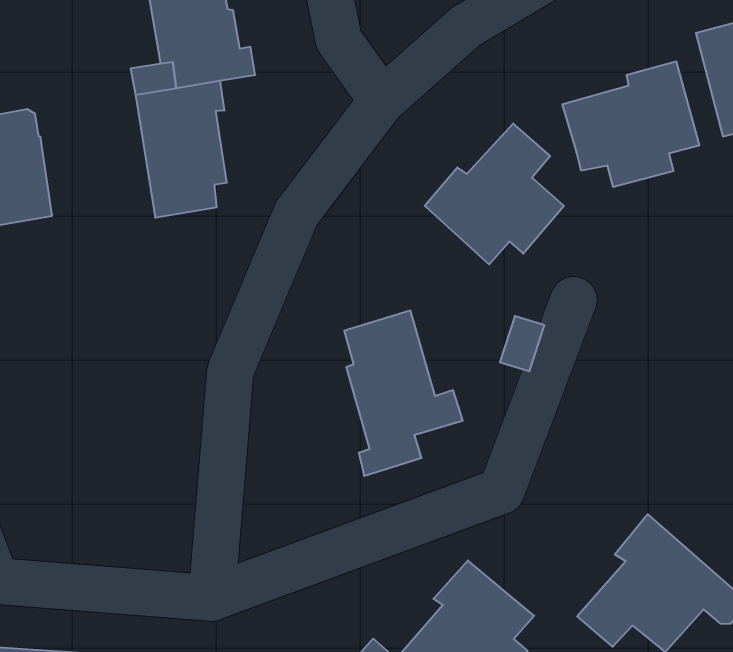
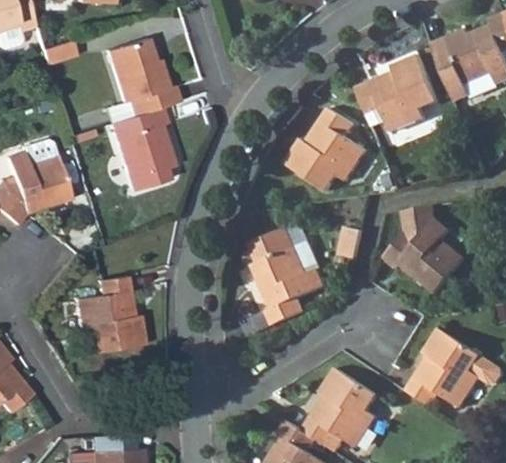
building: none -> [384,204,466,294]
building: none -> [75,278,144,355]

